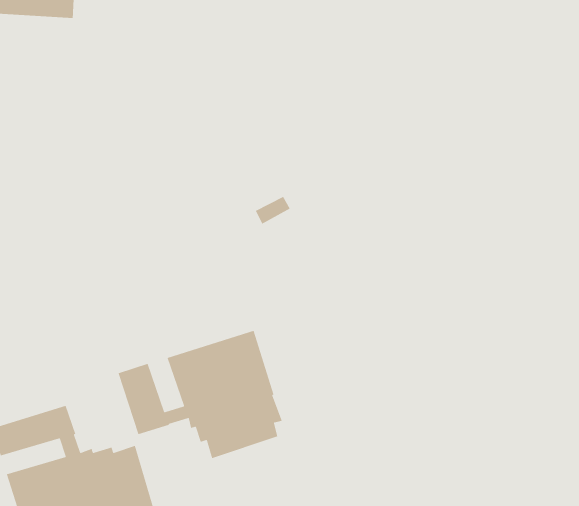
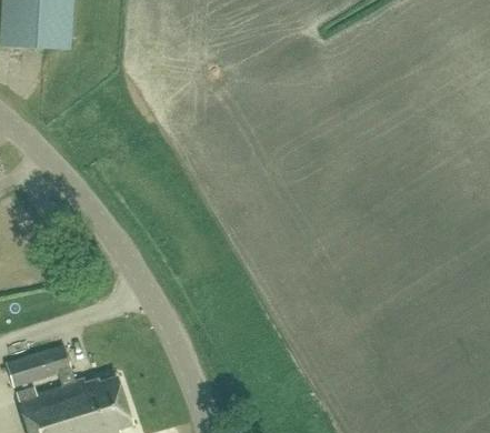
building: [118,330,283,459] -> none

